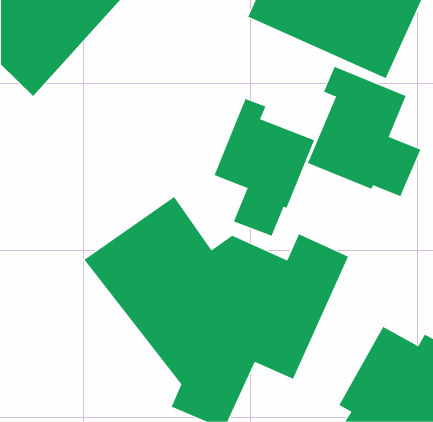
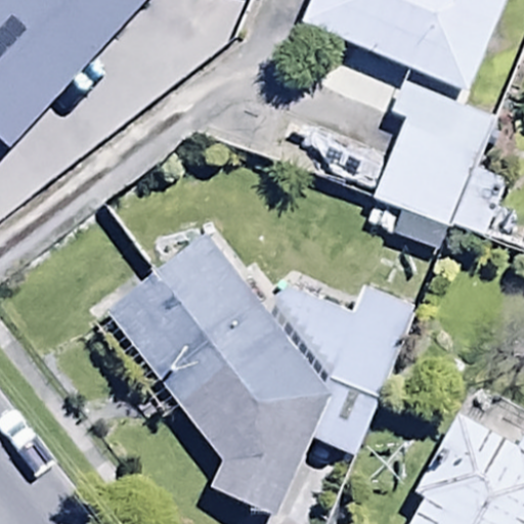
building: [214,98,315,237] -> none

